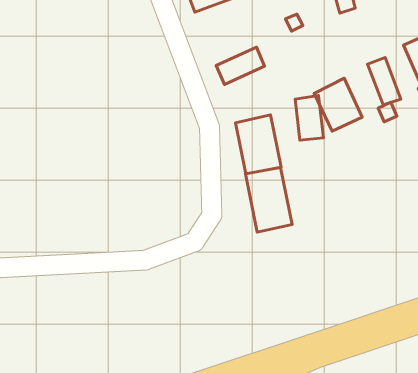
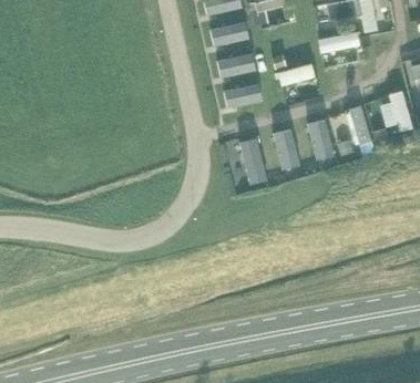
building: none -> [216,55,253,75]
building: [245,168,292,232] -> none

